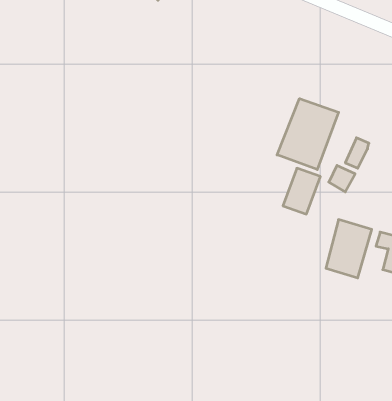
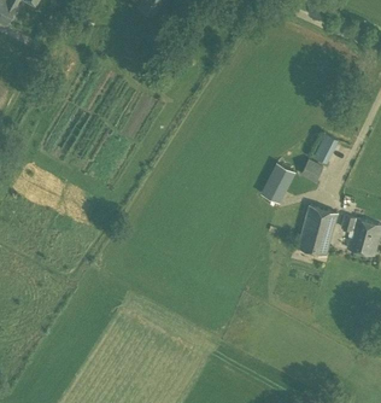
building: [277,99,339,170] -> none

